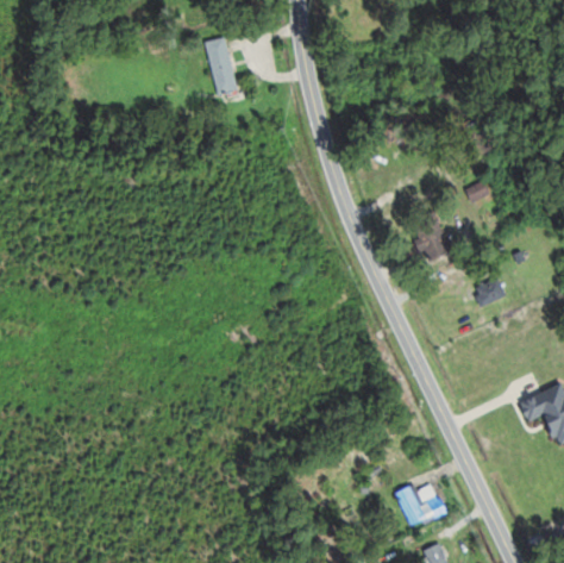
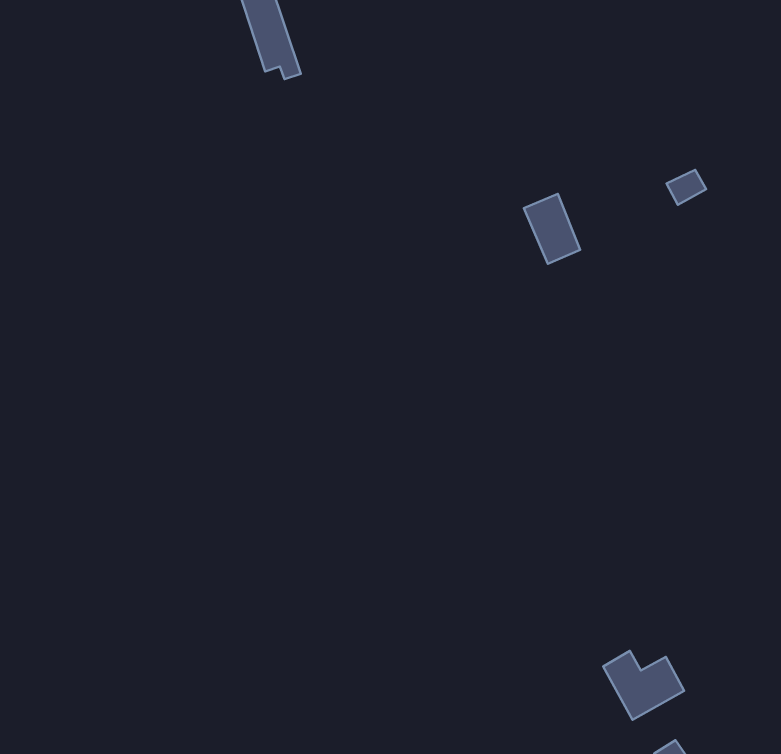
building: [415,218,449,262] -> [524,194,580,264]
building: [472,279,506,308] -> none

